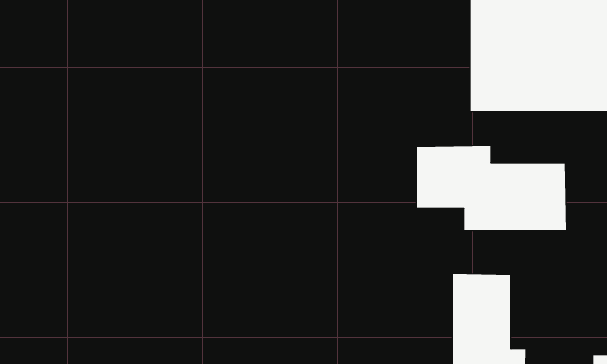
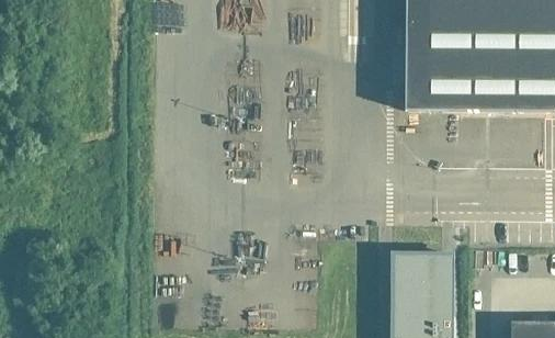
building: [416,145,566,231] -> none

